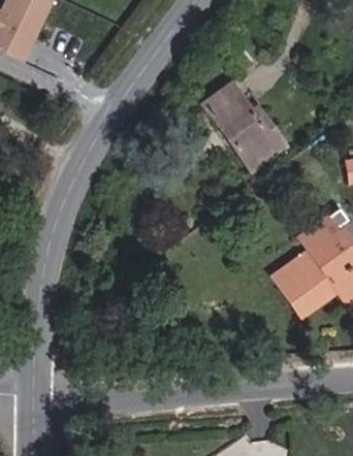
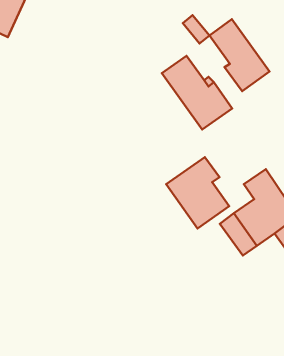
building: none -> [209,19,269,91]
building: none -> [166,157,229,229]

